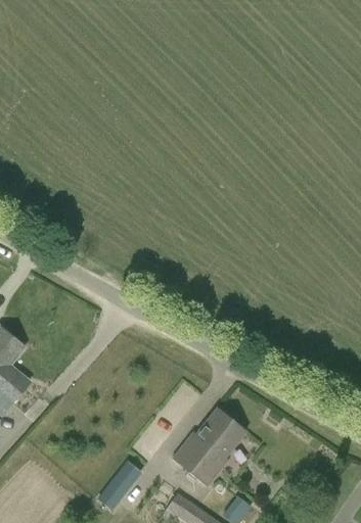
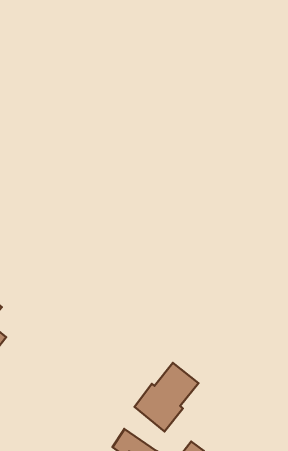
building: [105,463,142,502] -> none

